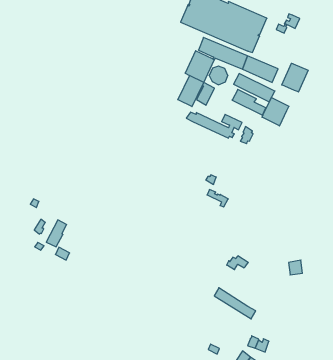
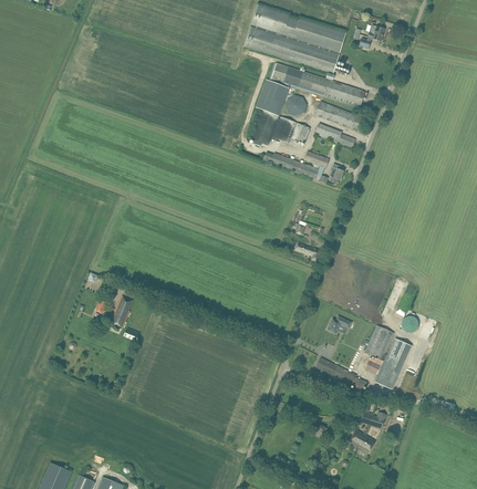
building: [282,63,308,92] -> none
building: [262,98,289,126] -> none
building: none -> [363,324,411,388]

